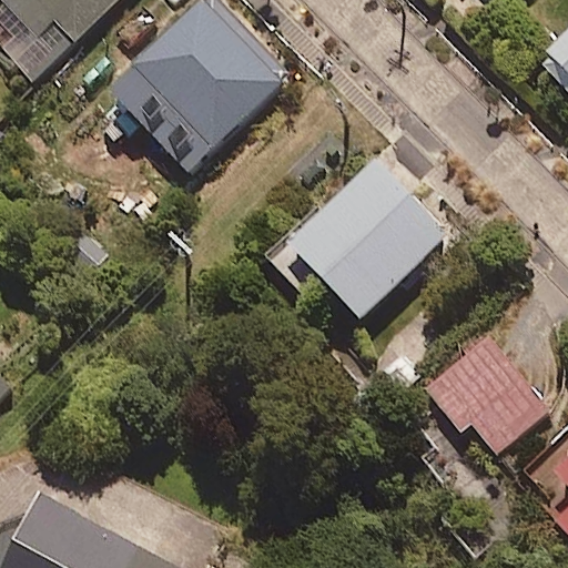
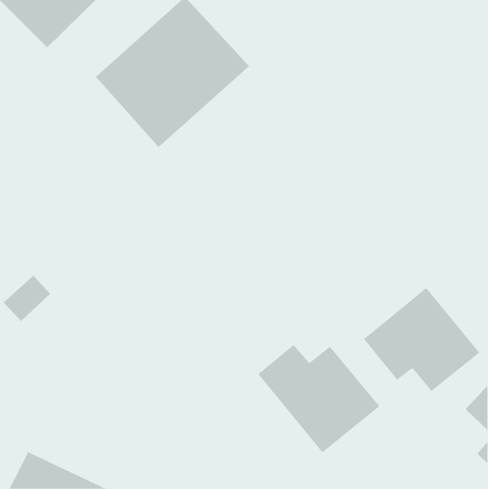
building: [280,153,450,323] -> none
building: none -> [258,344,380,453]

